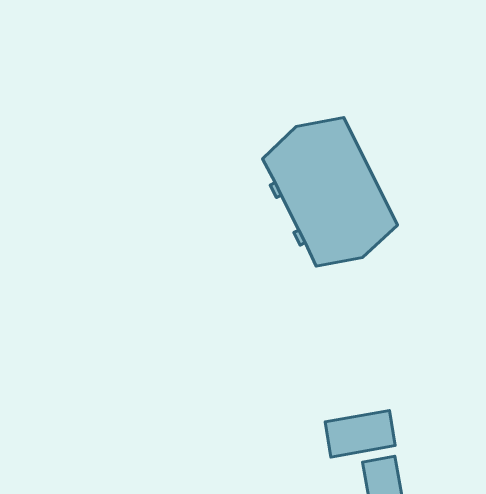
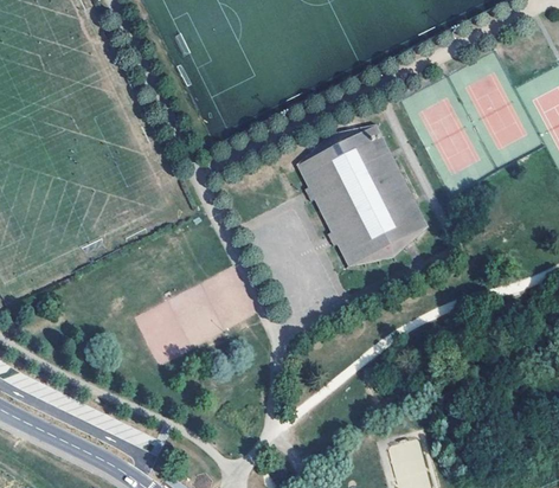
building: [325,410,395,457] -> none

